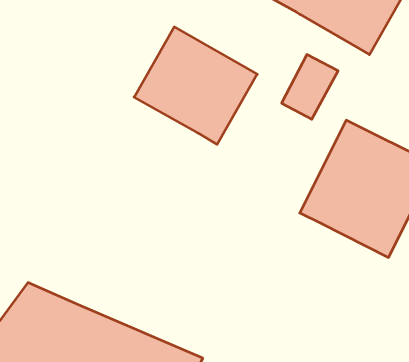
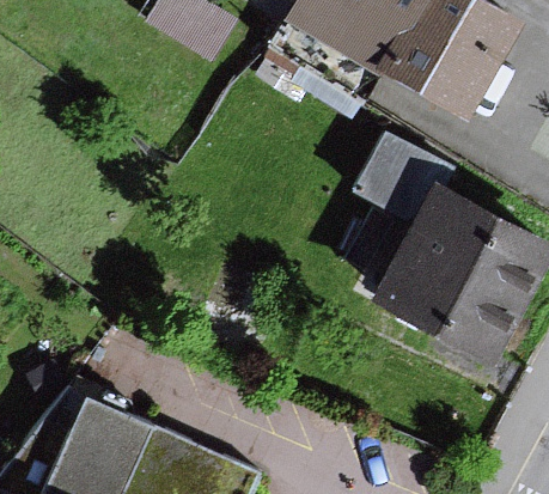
building: [134,27,257,144] -> none

